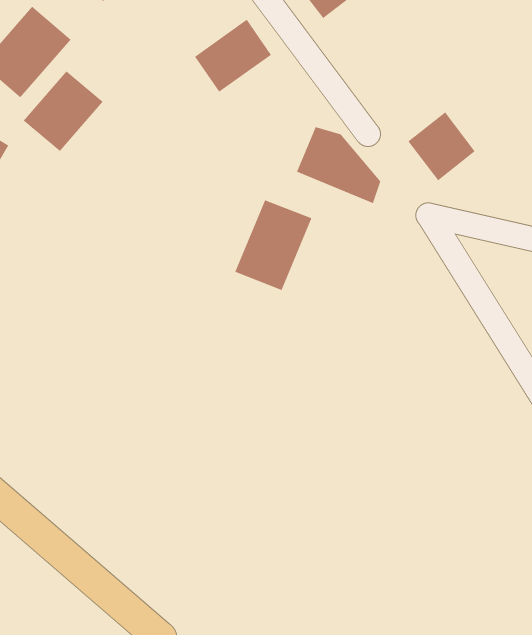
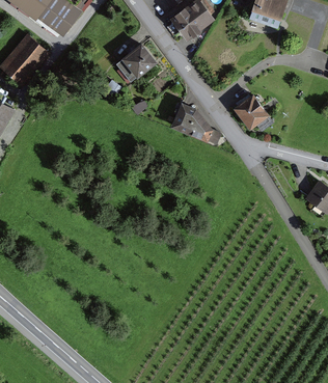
building: [23,71,104,152] -> none
building: [234,199,312,291] -> none

